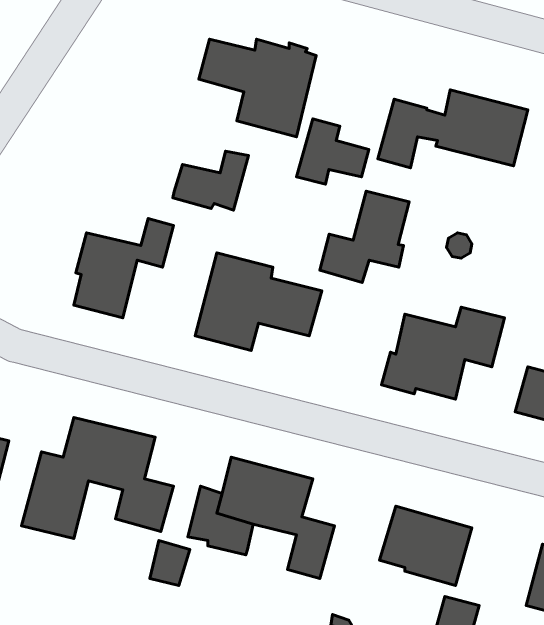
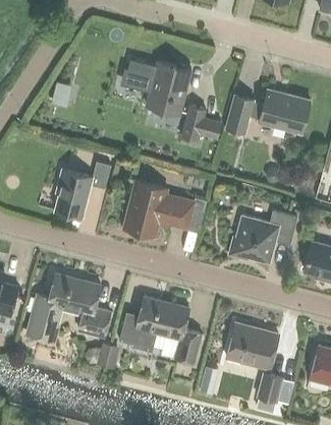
building: [173,151,249,210] -> none
building: [320,191,409,282] -> none

